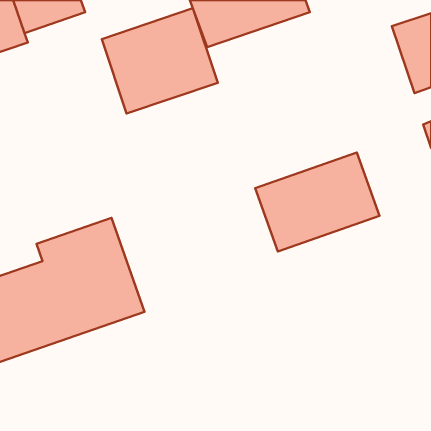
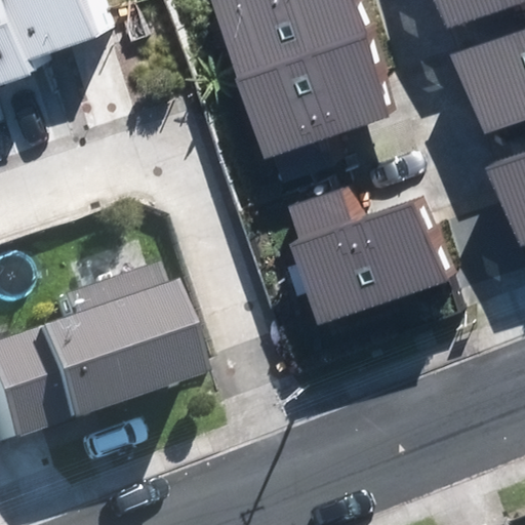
building: [102,8,218,114] -> none
building: none -> [244,31,393,151]

